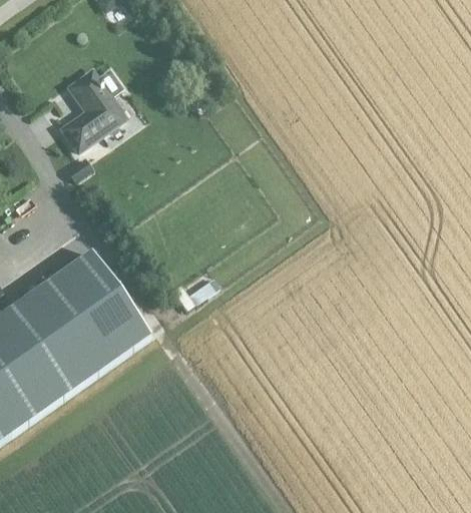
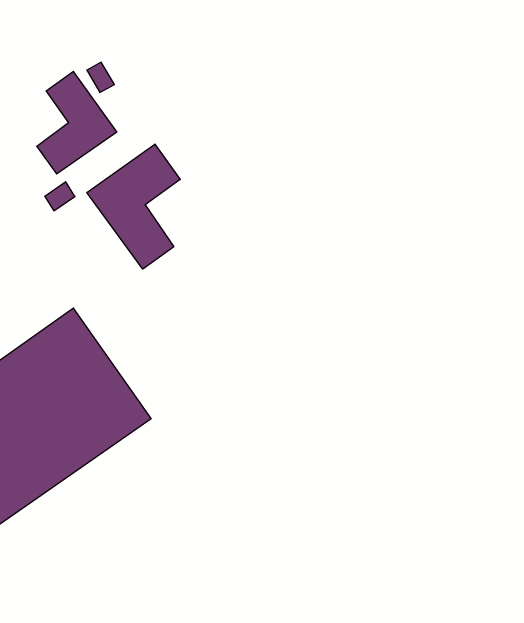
building: none -> [87,144,180,269]

